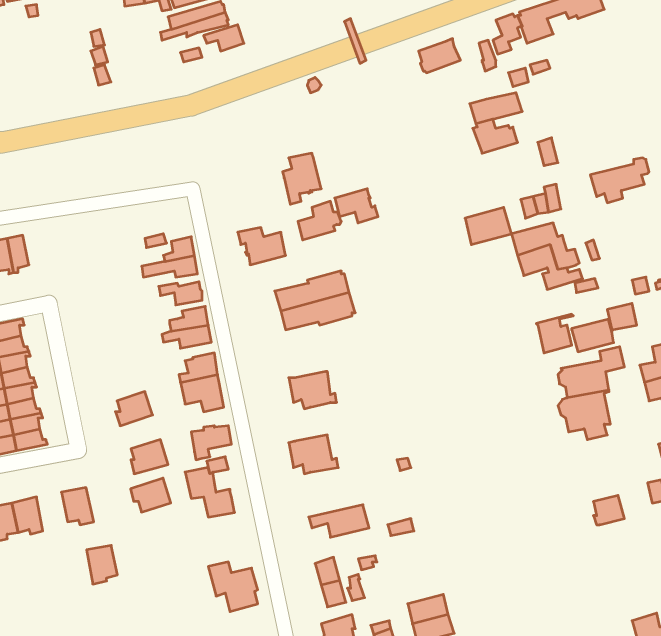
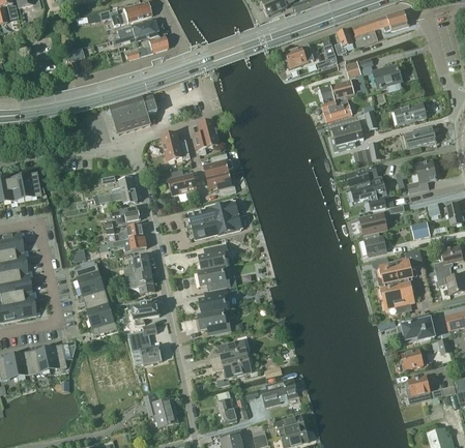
building: none -> [373,63,402,87]
building: none -> [110,95,157,133]
building: none -> [395,102,426,124]
building: none -> [162,131,190,159]
building: [335,189,378,223] -> [207,172,236,195]
building: [465,207,511,245] -> [332,120,364,145]
building: none -> [407,160,436,192]
building: none -> [20,172,41,197]
building: [572,319,614,352] -> [359,212,387,234]
building: none -> [199,243,227,270]
building: none -> [75,263,101,286]
building: none -> [199,287,228,312]
building: none -> [402,316,434,339]
building: [131,478,171,512] -> [85,295,112,318]
building: none -> [210,338,248,363]
building: none -> [408,375,442,400]
building: none -> [261,378,296,405]
building: [87,545,117,584] -> [29,347,50,372]

